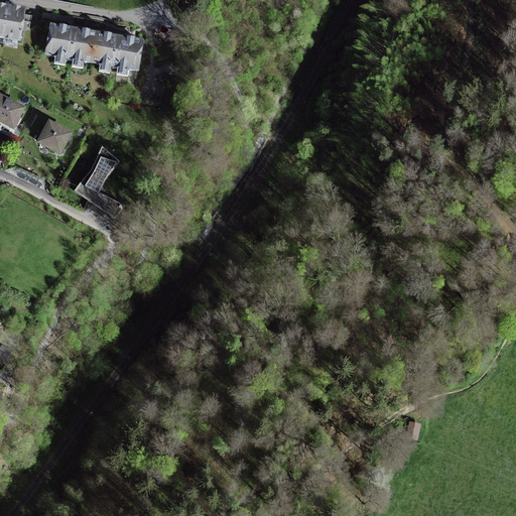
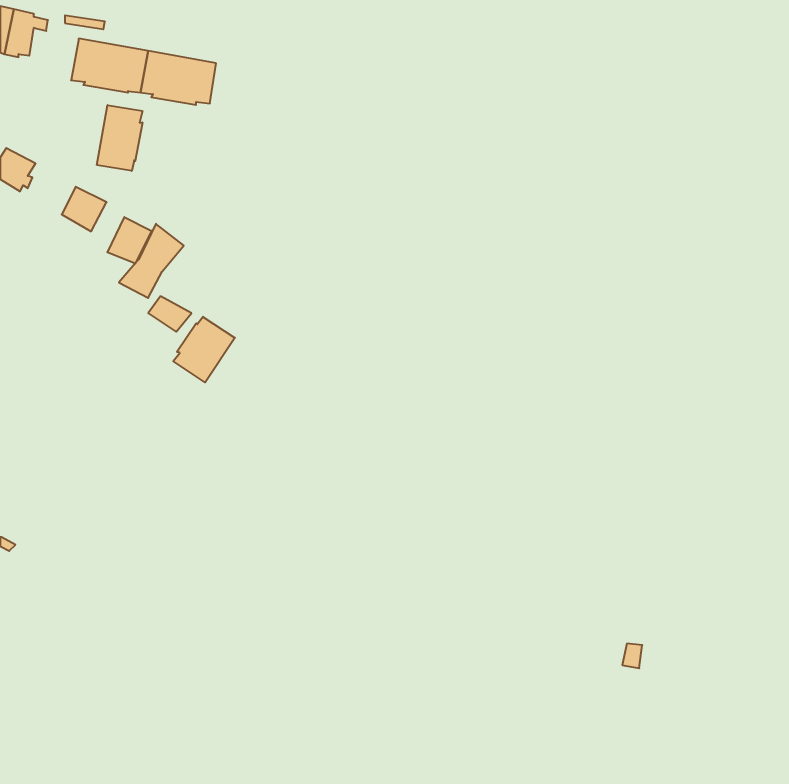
building: none -> [97,105,142,171]
building: none -> [107,217,152,264]
building: none -> [173,317,235,382]

